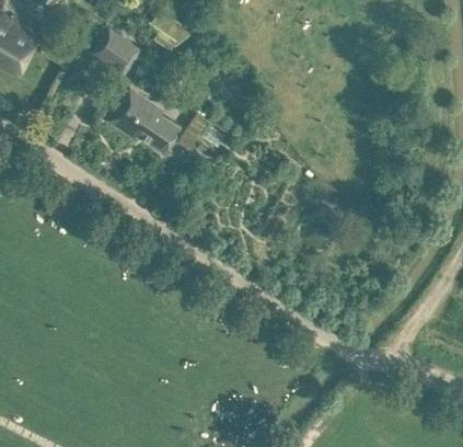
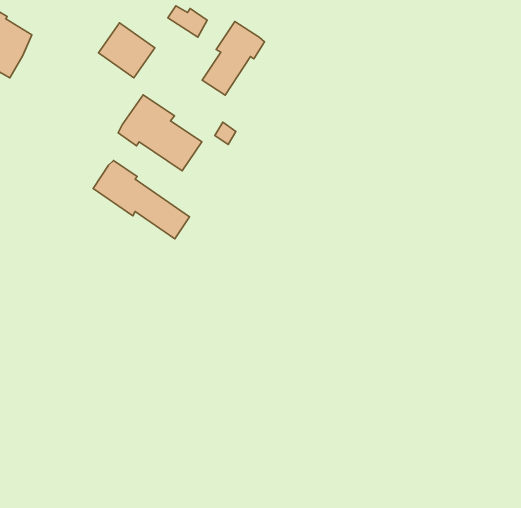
building: none -> [202,22,264,95]
building: none -> [93,161,190,239]

